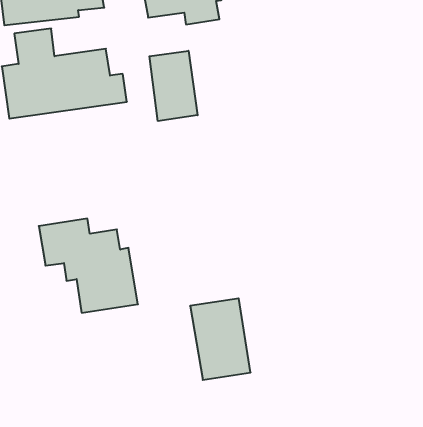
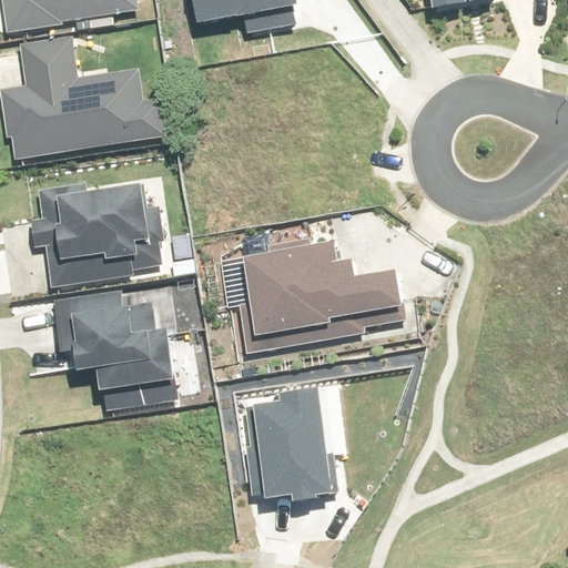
building: [149,51,198,121] -> none
building: none -> [37,181,162,287]
building: none -> [237,244,402,337]

